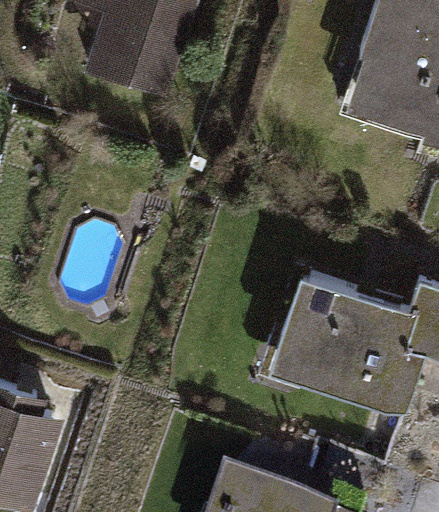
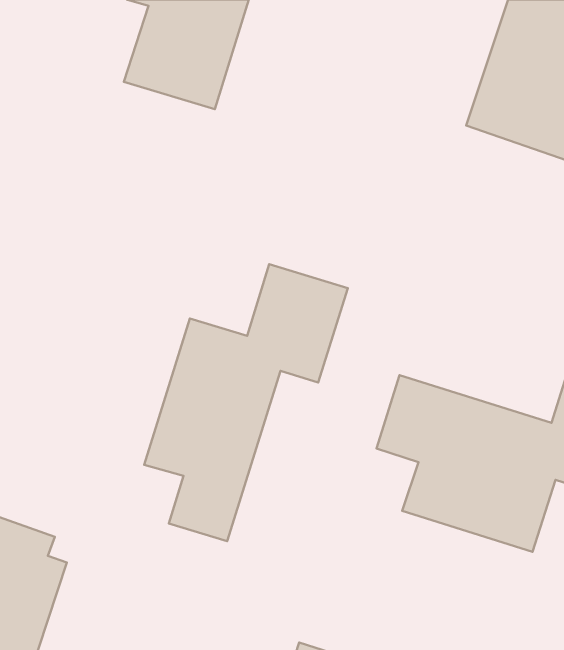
building: none -> [144,264,348,541]

